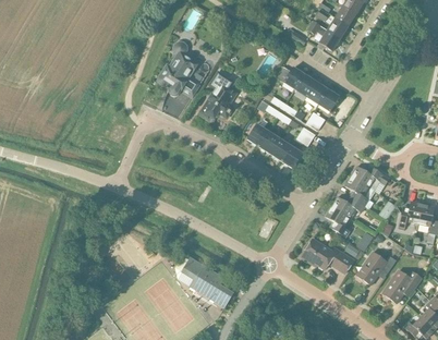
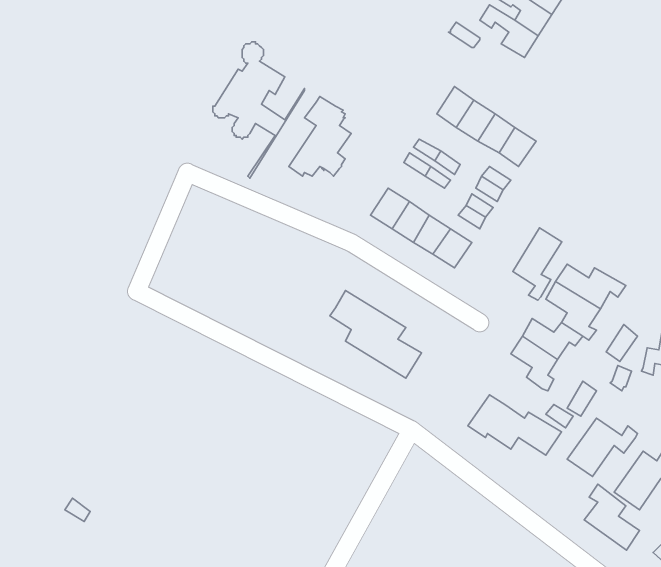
building: none -> [513,228,562,300]
building: [182,257,233,306] -> [330,290,421,378]
building: none -> [584,484,639,550]

